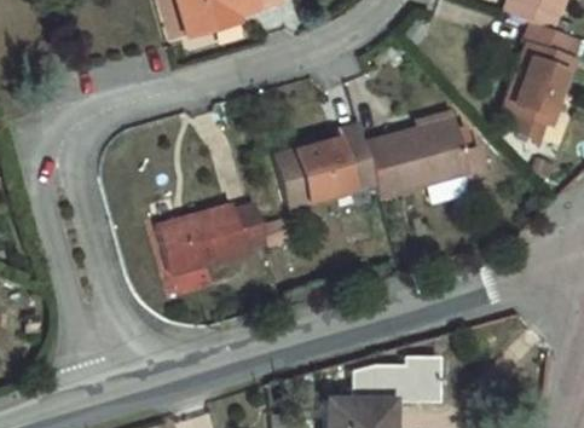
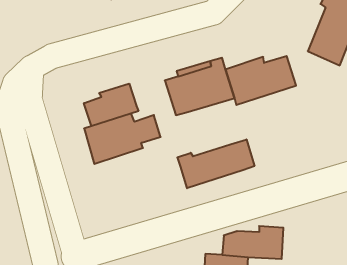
building: none -> [84,84,138,126]
building: none -> [177,139,254,188]

